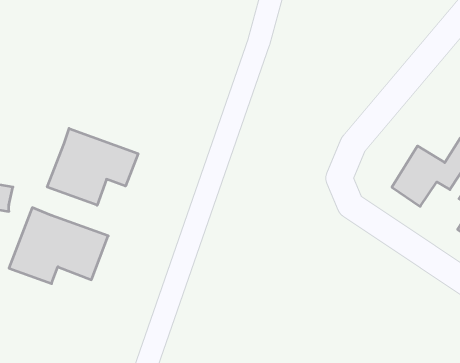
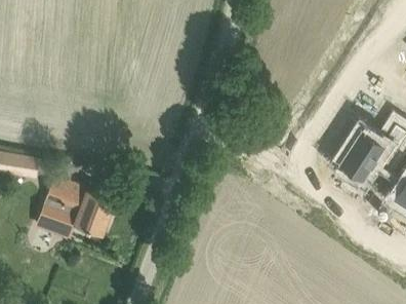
building: [47,128,138,205] -> none

